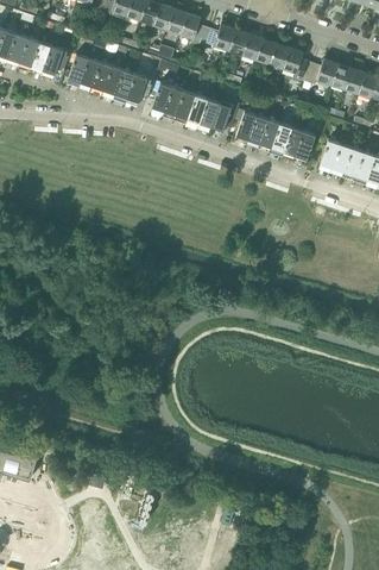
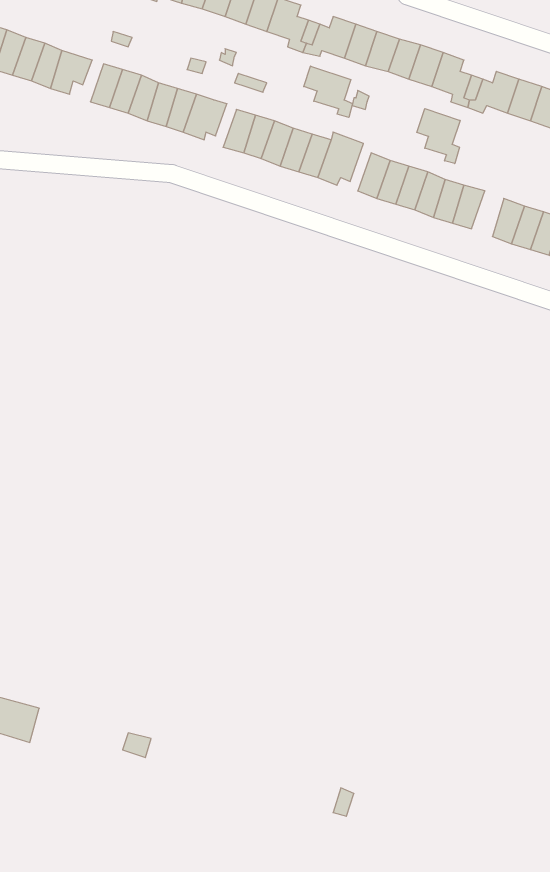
building: none -> [304,66,353,117]
building: none -> [417,109,460,164]

